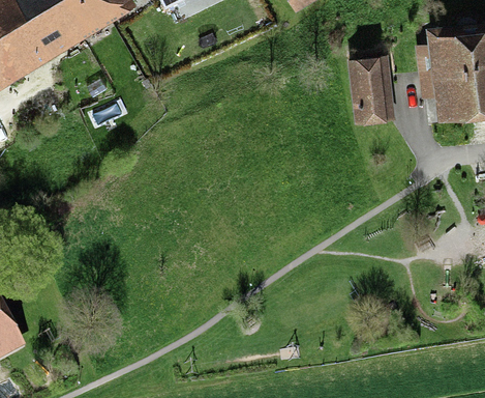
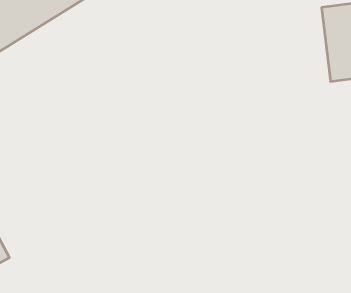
building: [356,54,395,122] -> none

